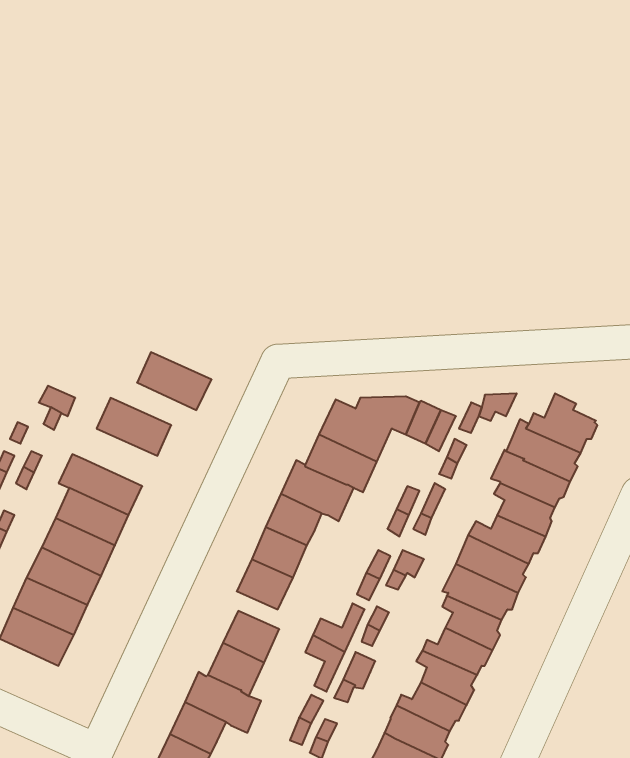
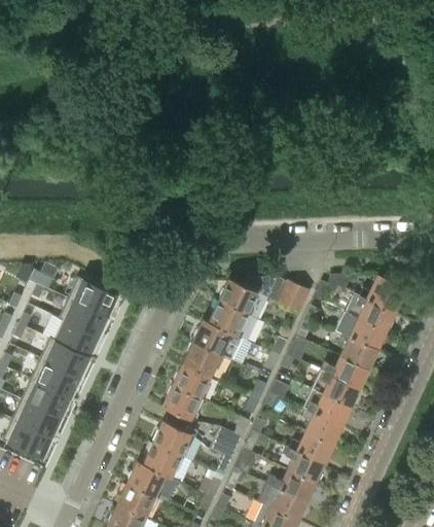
building: [137,352,212,410] -> [59,298,109,338]

